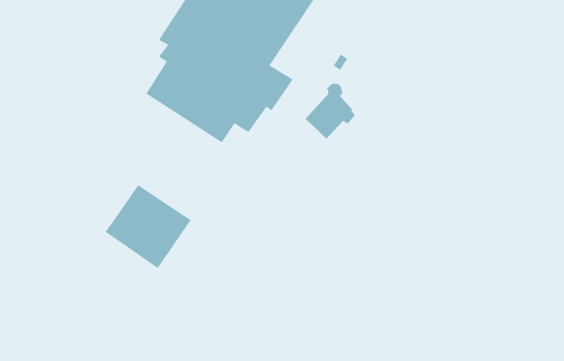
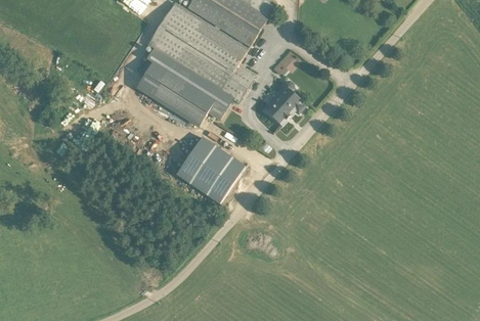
building: [105,185,191,269] -> [175,137,245,204]

